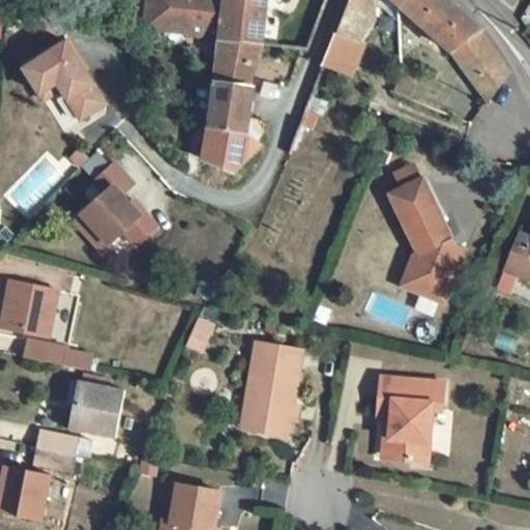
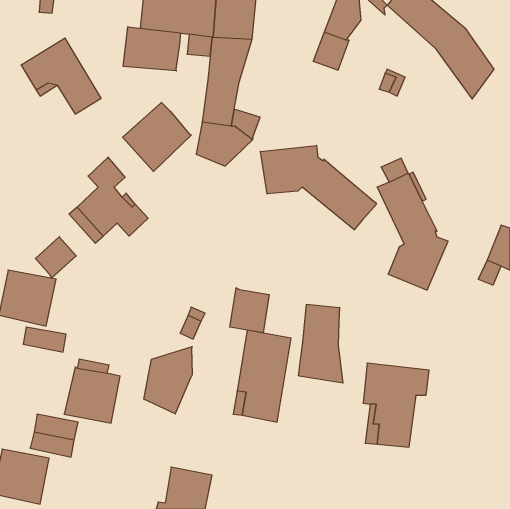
building: none -> [123,27,180,71]
building: none -> [123,102,191,171]
building: none -> [260,145,377,230]
building: none -> [35,237,76,278]
building: none -> [230,288,269,333]
building: none -> [298,304,343,383]
building: none -> [144,347,192,414]

